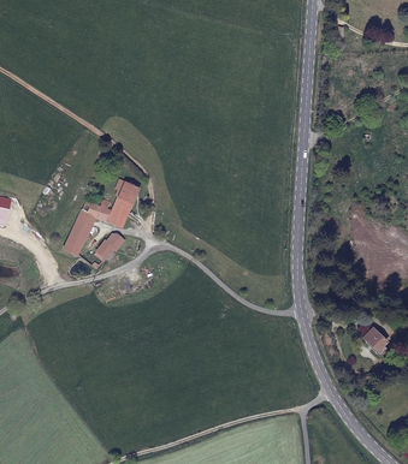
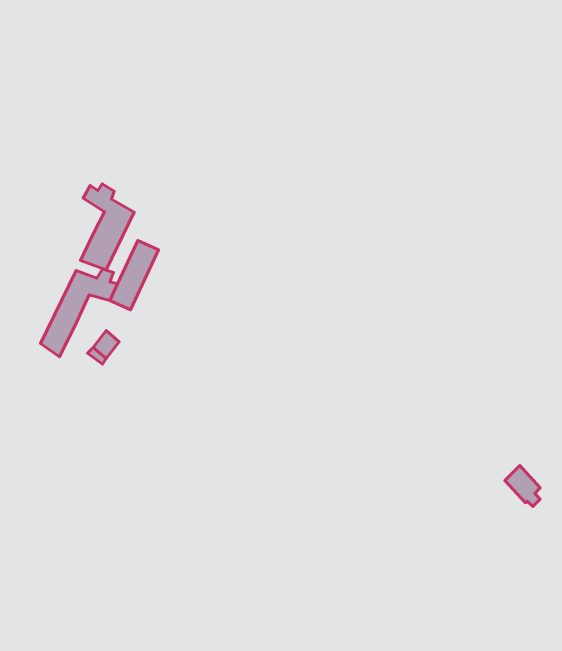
building: none -> [81,184,134,270]

